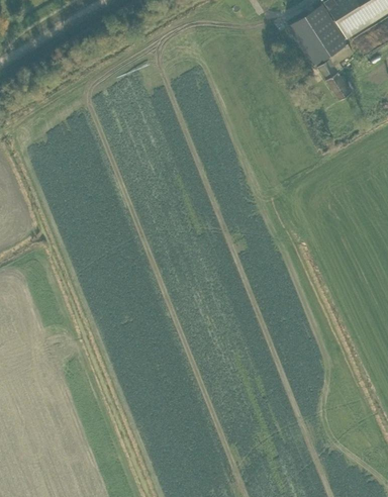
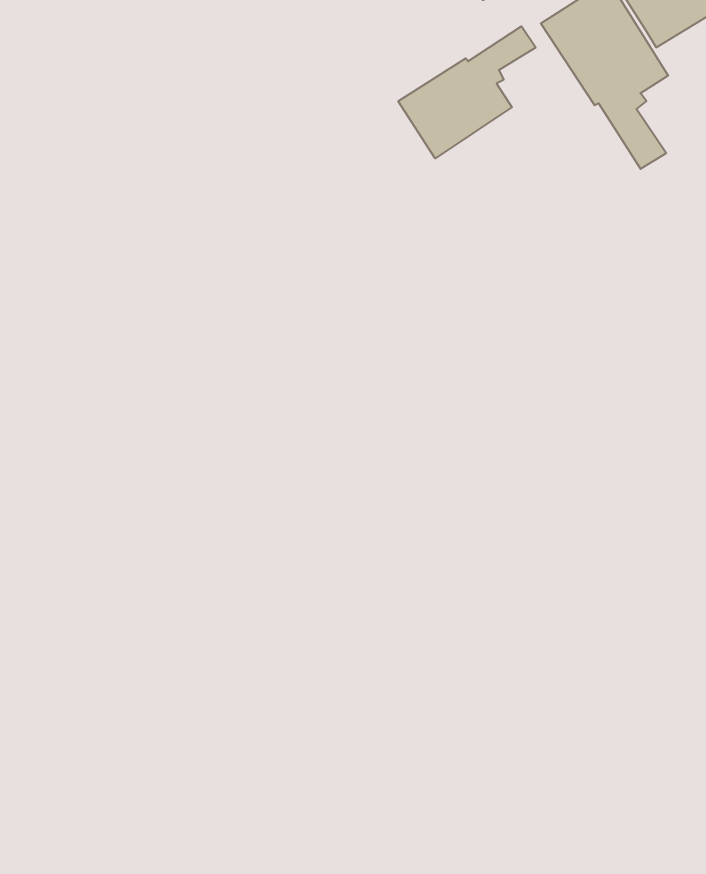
building: none -> [398,26,536,158]

